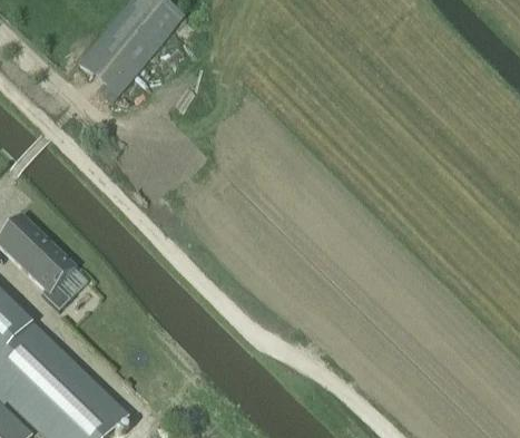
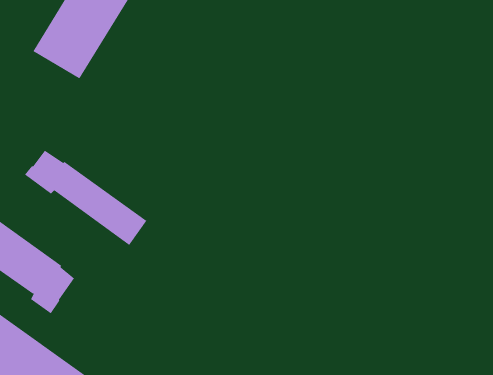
building: none -> [24,150,147,246]

